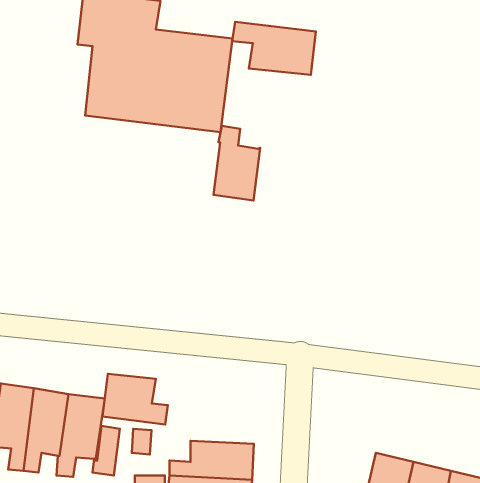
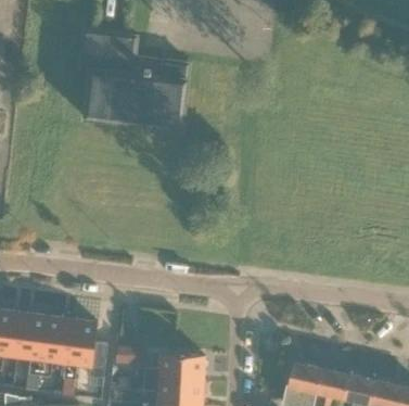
building: [232,22,316,75] -> none
building: [214,126,260,201] -> none
building: [102,374,168,425] -> none

